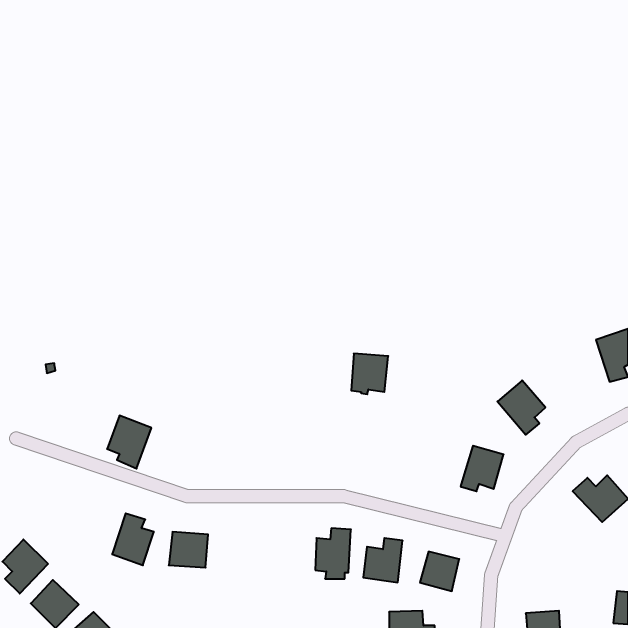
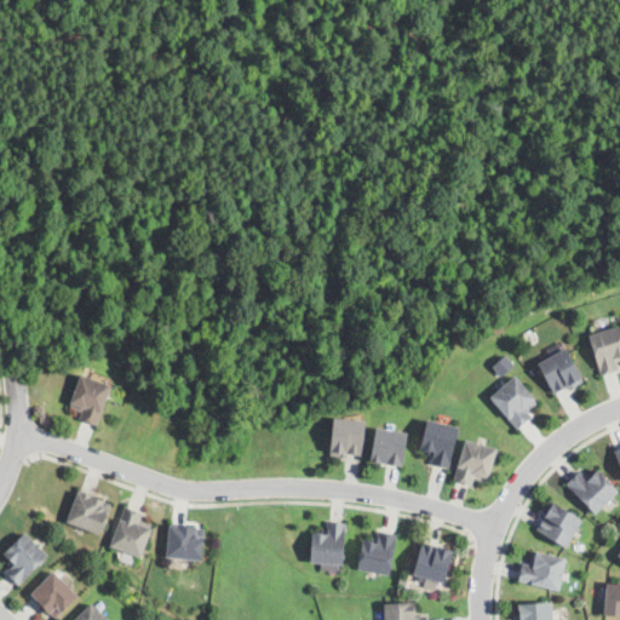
building: none -> [535,349,584,395]
building: [351,354,388,394] -> [329,418,366,458]
building: [107,416,151,469] -> [68,374,111,426]
building: none -> [418,419,459,467]
building: none -> [369,427,408,466]
building: none -> [65,489,111,534]
building: none -> [535,503,580,546]
building: none -> [517,552,566,591]

